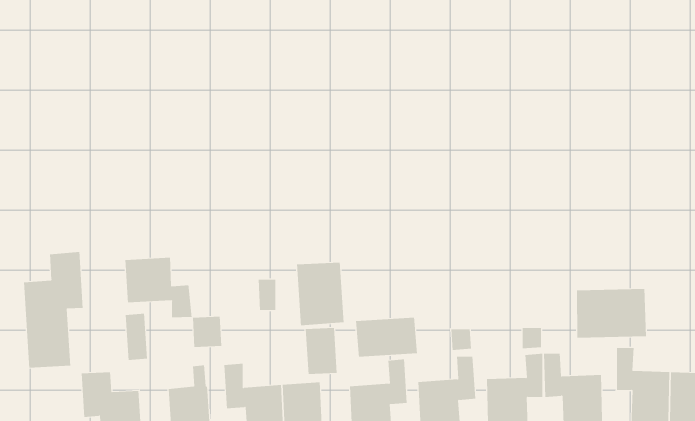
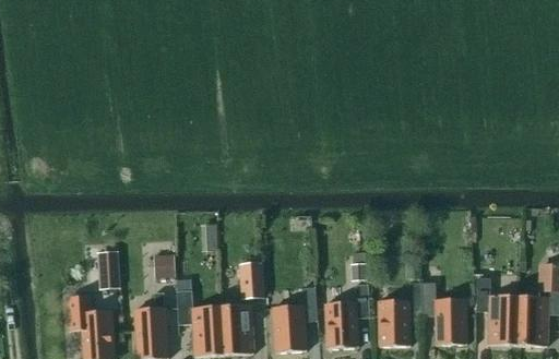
building: [23,251,83,369] -> none
building: [125,257,192,318] -> none
building: [296,262,344,326] -> none
building: [577,288,647,338] -> none
building: [356,317,417,358] -> none

